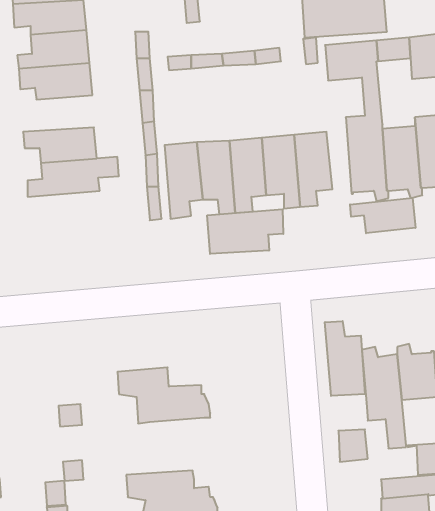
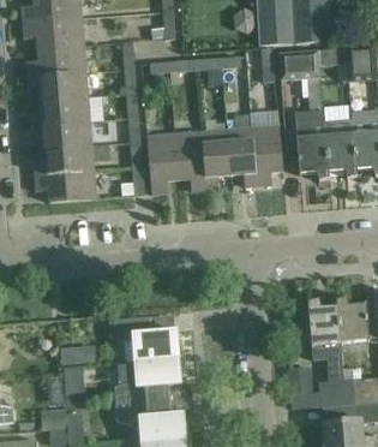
building: none -> [30,94,89,124]
building: none -> [35,172,95,202]
building: [350,198,415,233] -> none
building: [207,209,283,254] -> none
building: [325,321,365,396] -> none
building: none -> [114,357,185,404]
building: none -> [319,380,353,407]

